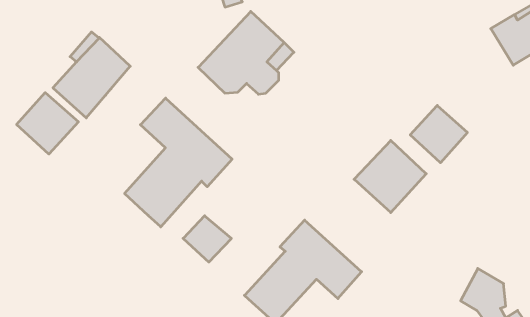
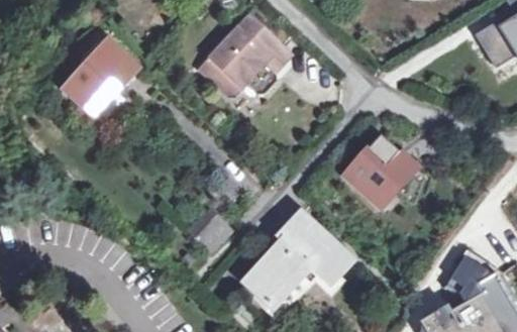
building: [17,93,78,154] -> none
building: [125,98,232,227] -> none
building: [410,105,467,163] -> none

